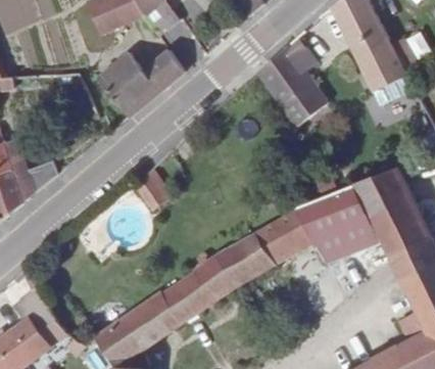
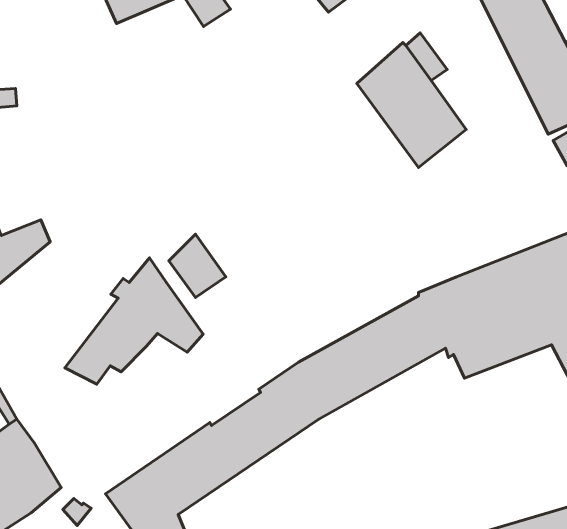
building: [96,51,184,118] -> none
building: none -> [65,258,203,384]

